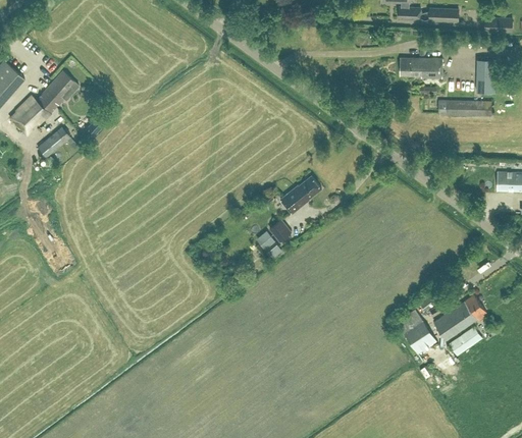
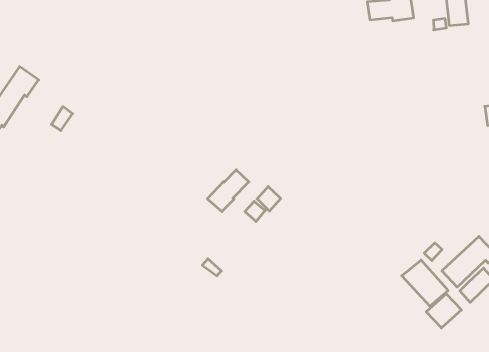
building: [438,99,492,116] -> none
building: [37,126,73,158] -> none
building: [280,175,322,213] -> [207,170,249,212]
building: none -> [426,294,461,328]

